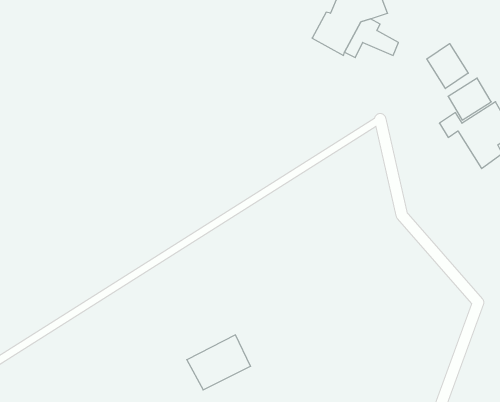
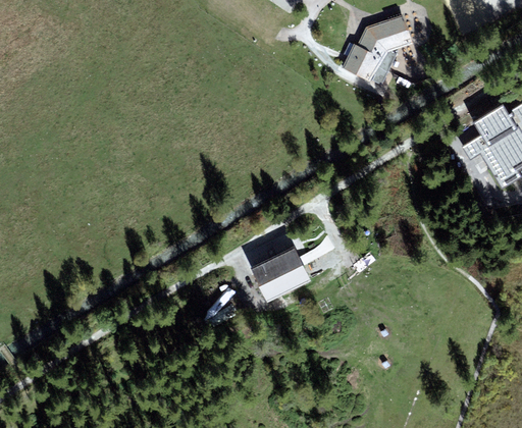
building: [427,44,468,89] -> none
building: [187,335,251,390] -> [249,247,309,299]

